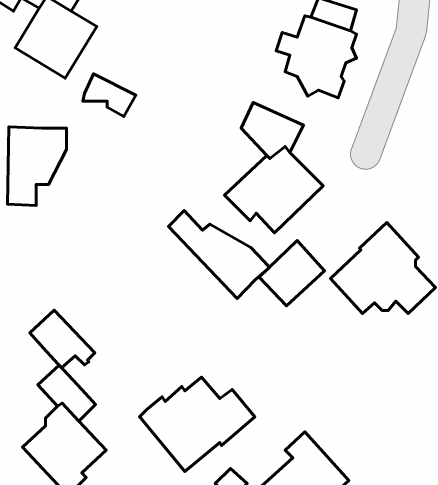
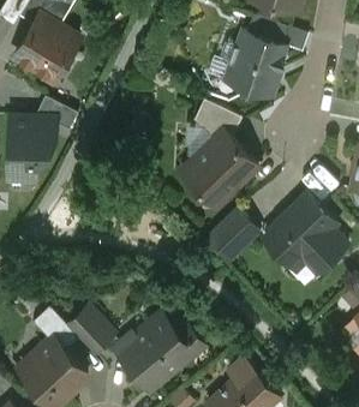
building: [83,74,136,116] -> [36,97,78,131]
building: [169,210,269,298] -> none
building: [30,310,95,368] -> [67,307,119,353]

